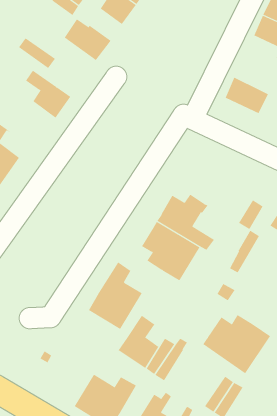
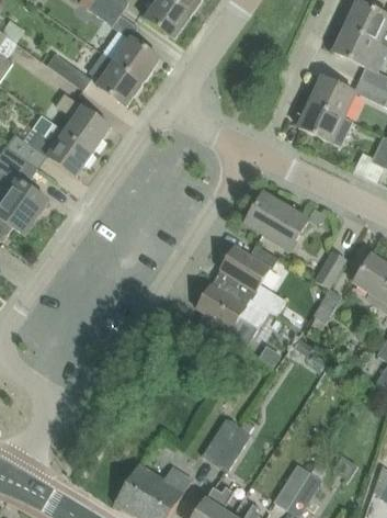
building: none -> [88,53,141,105]
building: none -> [309,76,355,117]
building: none -> [29,124,92,176]
building: none -> [244,192,308,243]
building: [88,261,143,330] -> none
building: [202,314,271,374] -> none
building: [118,315,159,369] -> none

